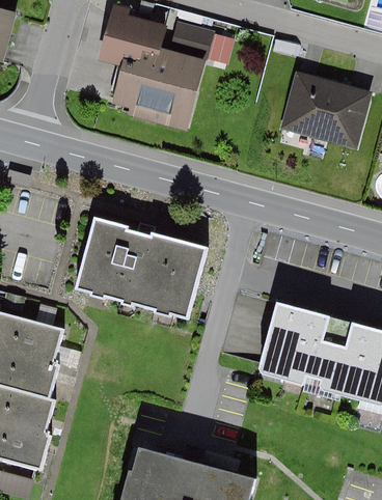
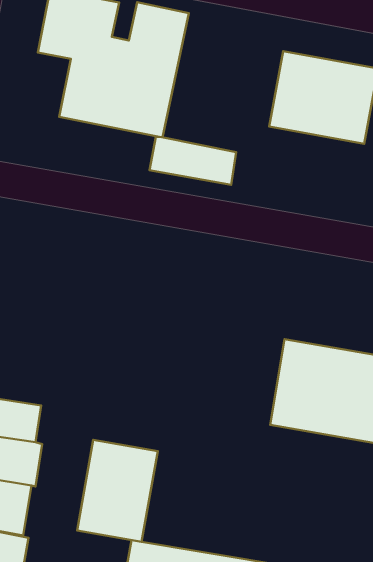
building: none -> [149,137,236,185]
building: [77,218,203,311] -> none
building: none -> [77,440,158,542]

